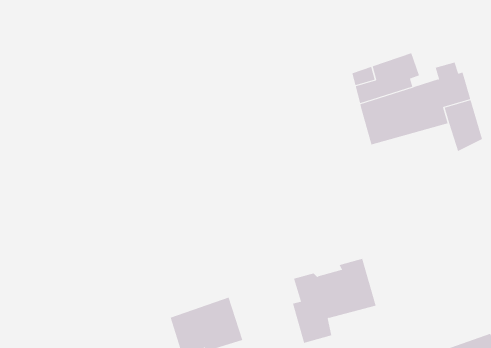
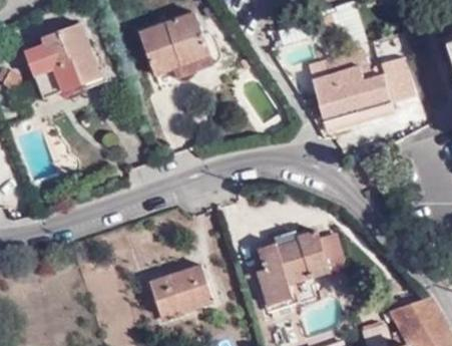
building: none -> [139,11,214,77]
building: none -> [25,22,101,99]

